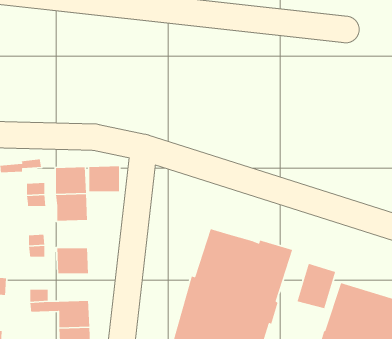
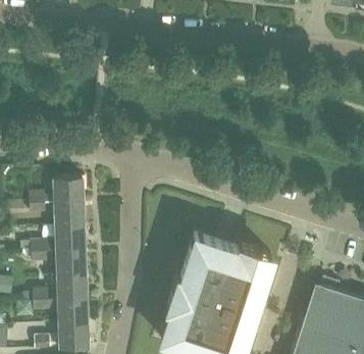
building: [89,165,120,192] -> [56,225,85,250]
building: [296,263,336,309] -> none
building: none -> [57,274,86,299]

